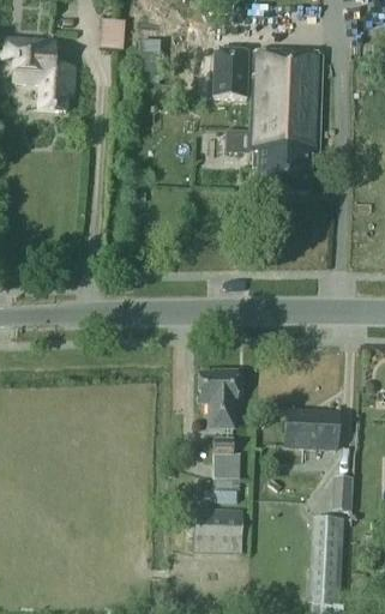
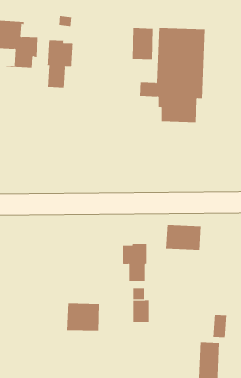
building: none -> [47,39,73,88]
building: [283,409,337,447] -> [165,225,202,250]
building: [191,508,241,550] -> [66,303,100,331]

